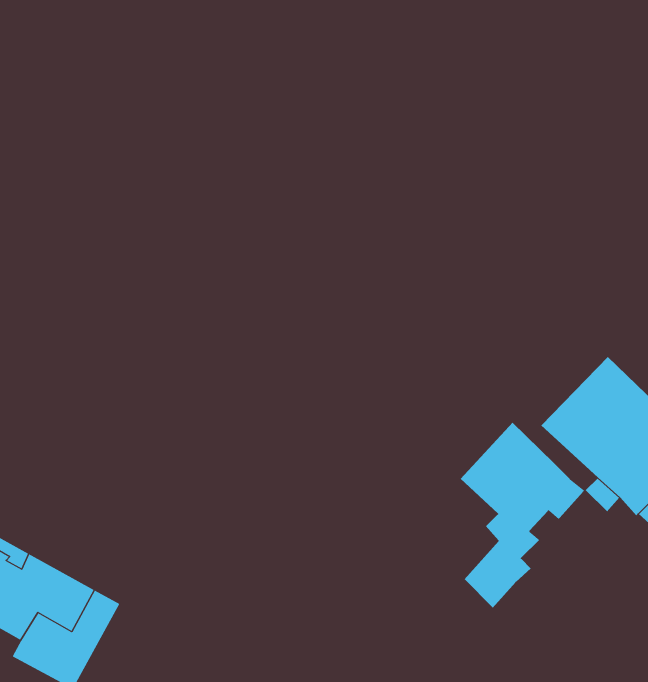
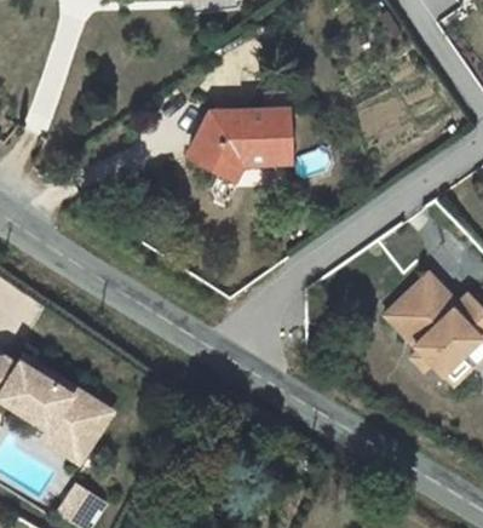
building: none -> [188,109,289,179]
building: [460,422,585,609] -> none

